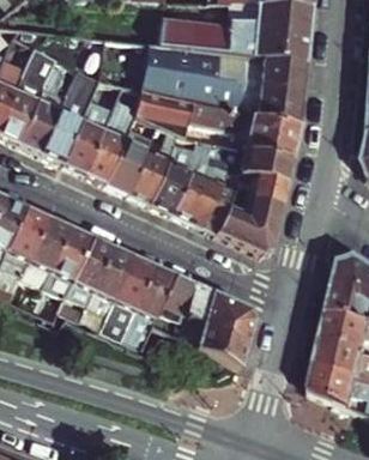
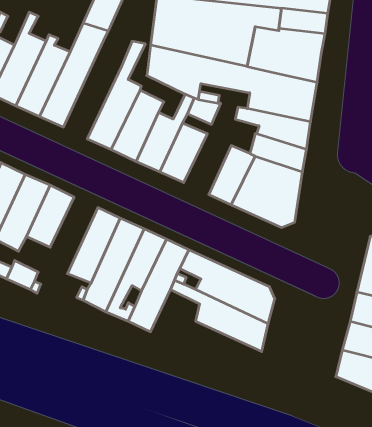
building: [62,98,115,174] -> none
building: [171,169,214,224] -> none
building: [43,226,93,296] -> none

